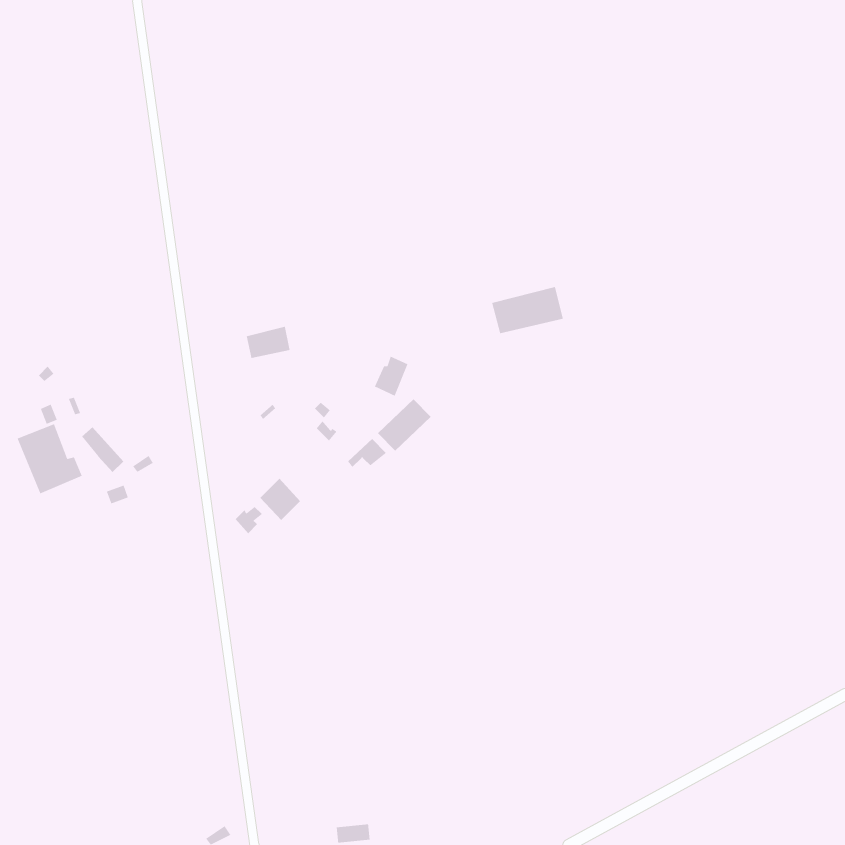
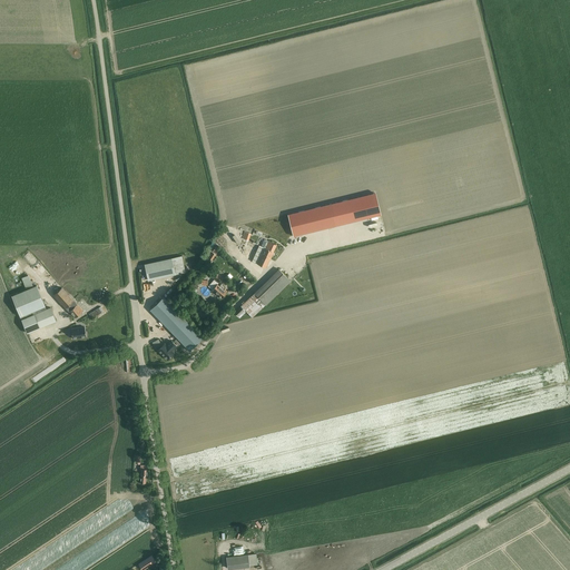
building: none -> [287,204,336,236]
building: [246,326,290,359] -> [144,258,174,281]
building: none -> [150,296,188,335]

